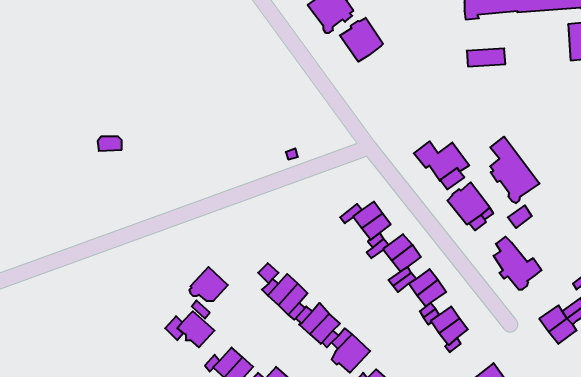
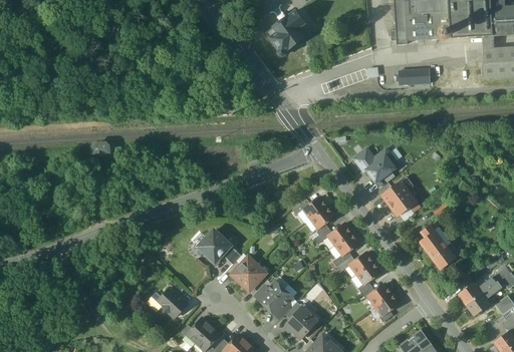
building: [340,18,383,62] -> none
building: [490,137,540,203] -> none
building: [189,267,228,301] -> [198,231,230,259]

